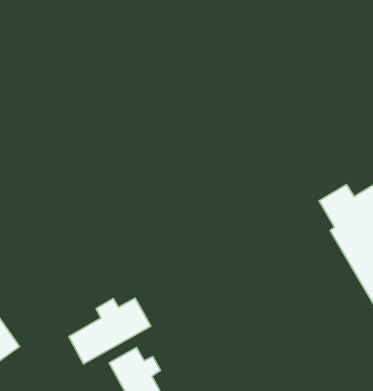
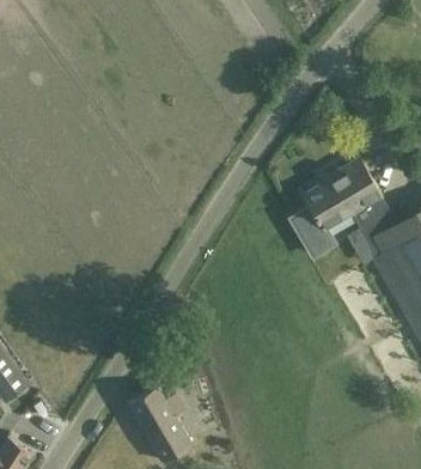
building: none -> [292,158,383,254]
building: [69,298,151,364] -> none

